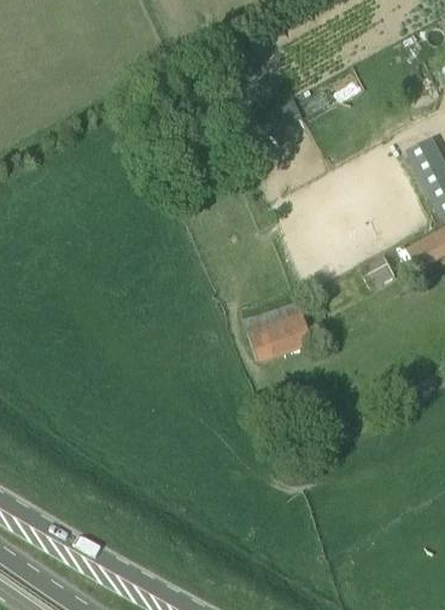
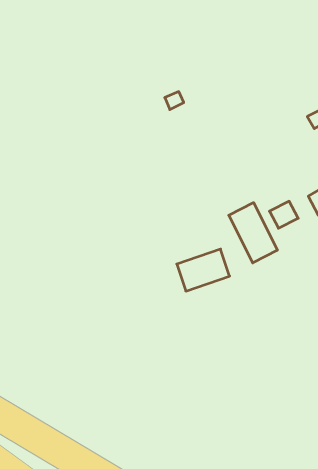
building: none -> [229,203,277,263]

